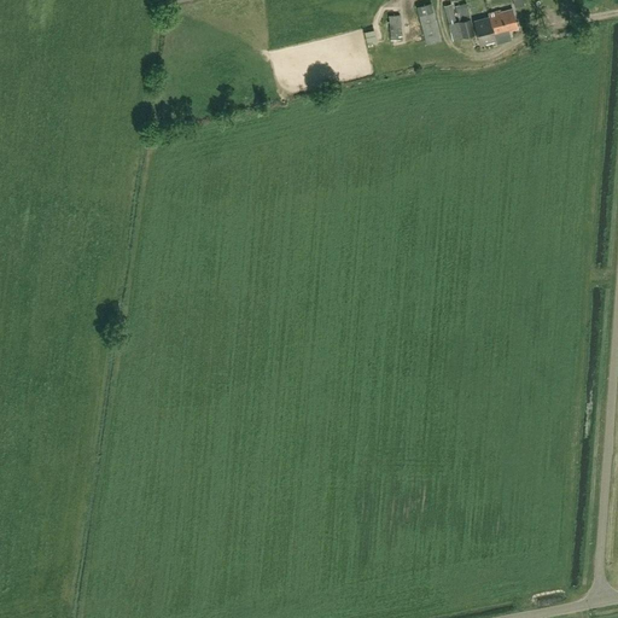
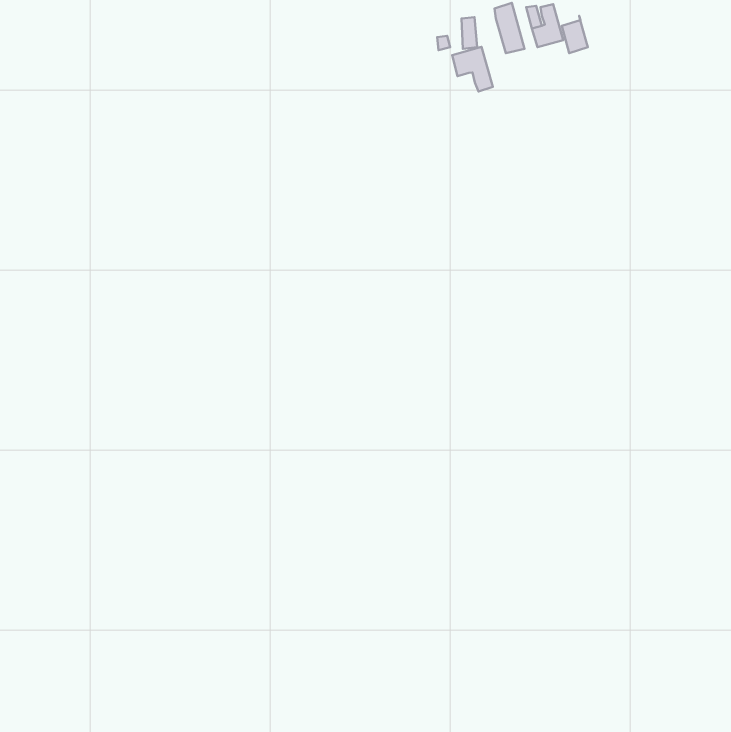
building: [489,8,518,35] -> none
building: none -> [452,47,493,92]

